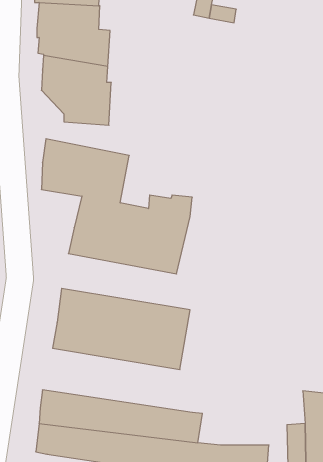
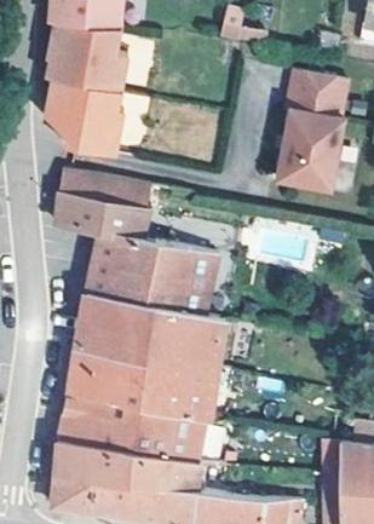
building: none -> [277,68,349,188]
building: none -> [77,293,221,353]
building: none -> [57,395,220,463]

